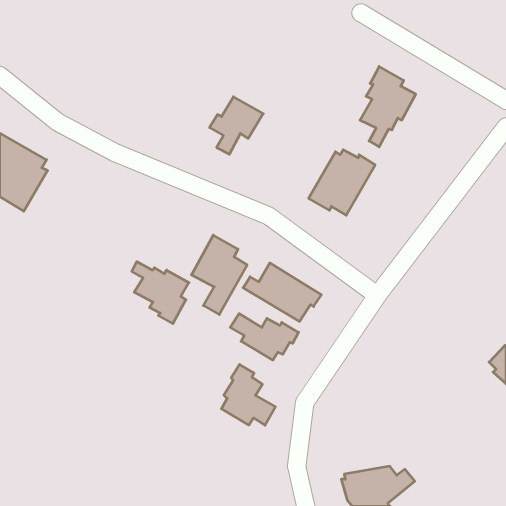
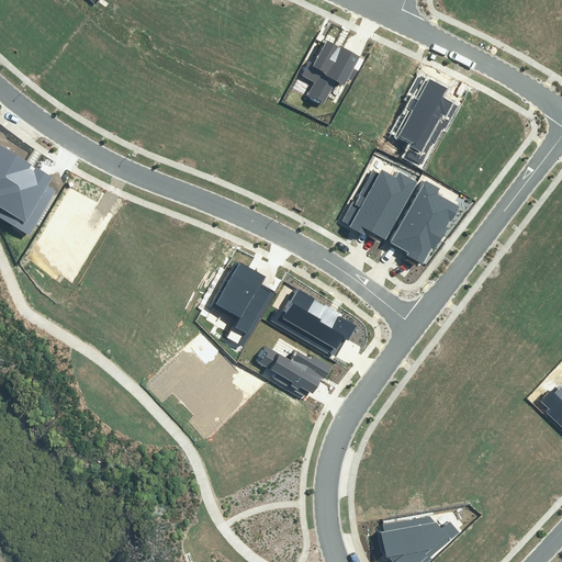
building: [210,97,263,154] -> [301,40,360,103]
building: none -> [390,179,457,263]
building: [132,262,189,324] -> none
building: [221,364,275,425] -> none

